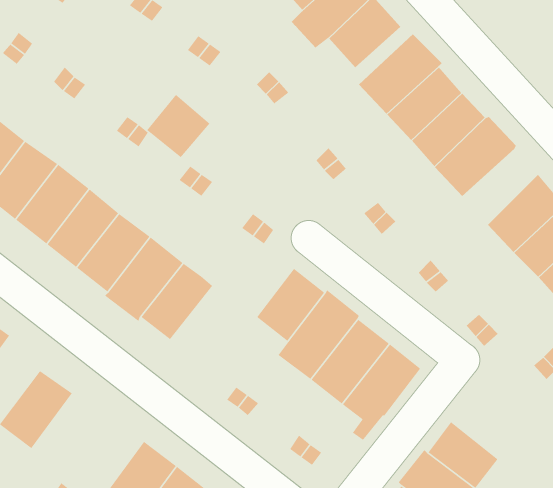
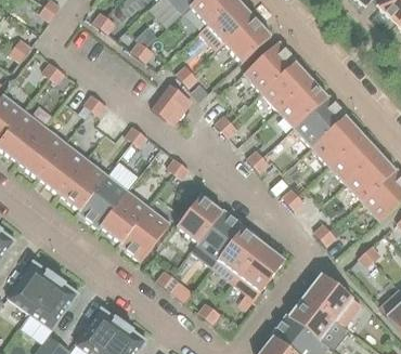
building: [146,94,210,158] -> [154,86,196,128]
building: none -> [311,116,361,166]
building: none -> [118,206,170,261]
building: none -> [303,273,360,326]
building: none -> [28,276,77,329]

